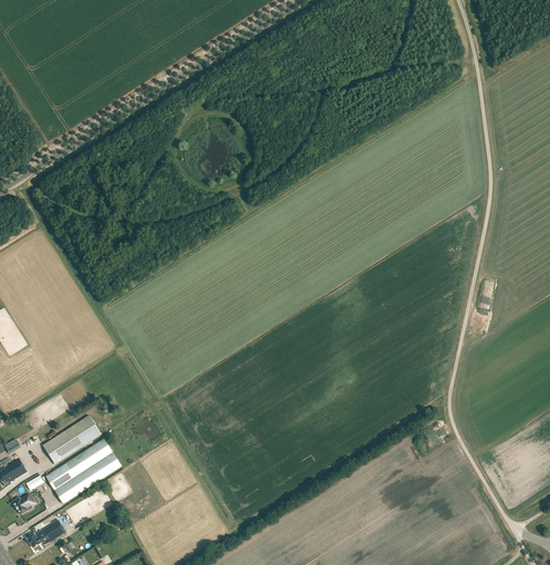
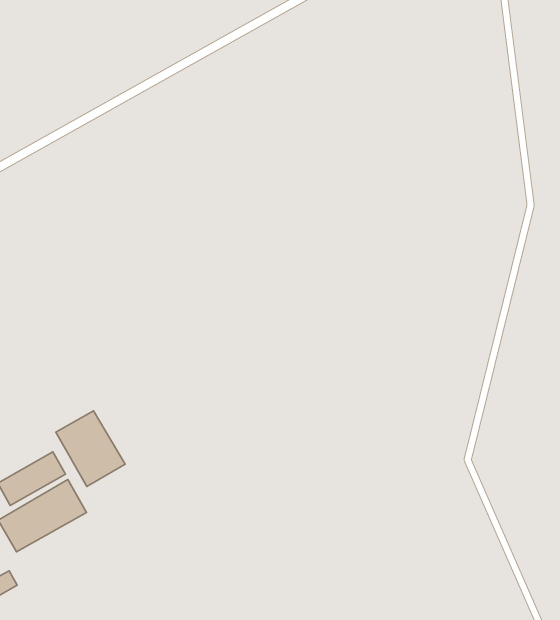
building: none -> [56,411,125,486]

